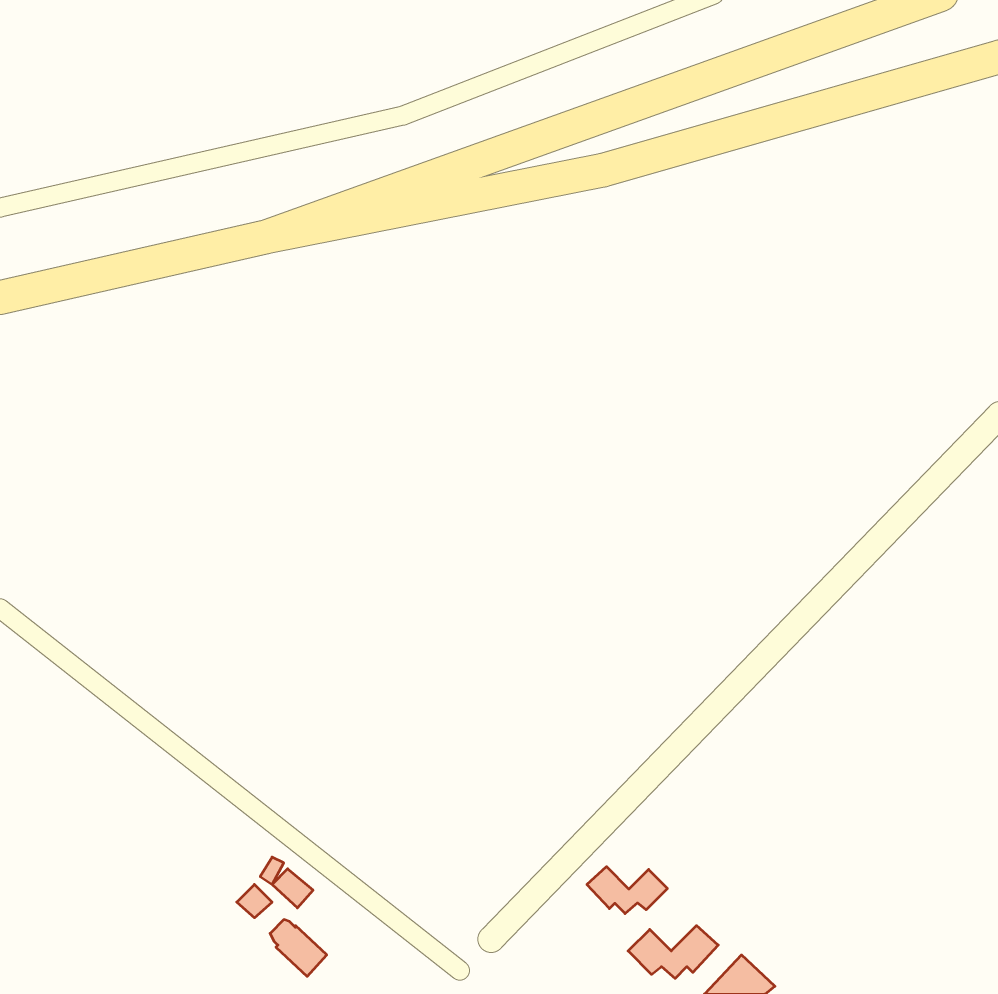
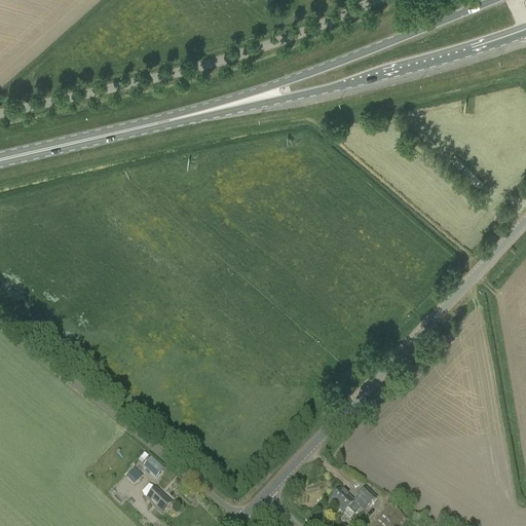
building: [587,867,667,914] -> none

